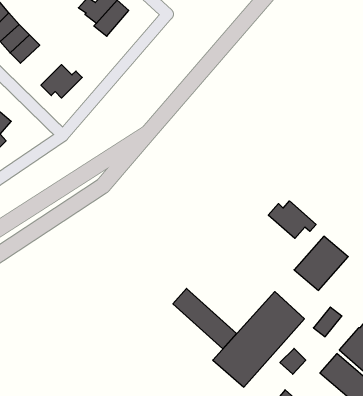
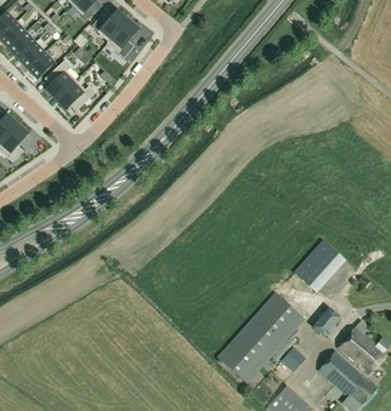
building: none -> [46,59,76,98]
building: [268,201,316,238] -> none
building: [173,288,236,349] -> none

